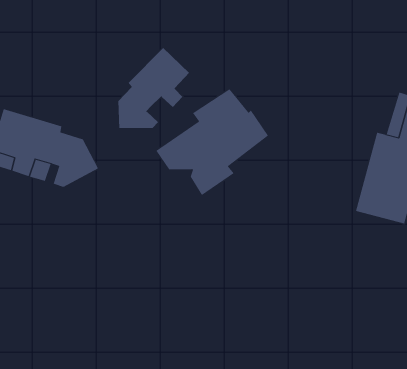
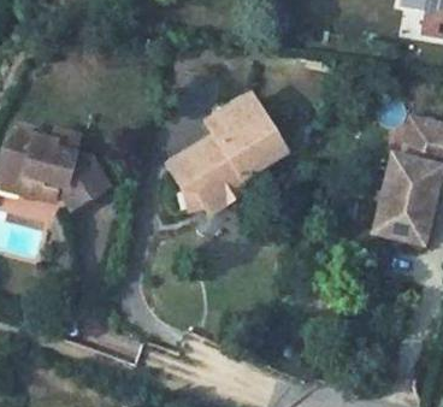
building: [118,47,190,129] -> none

